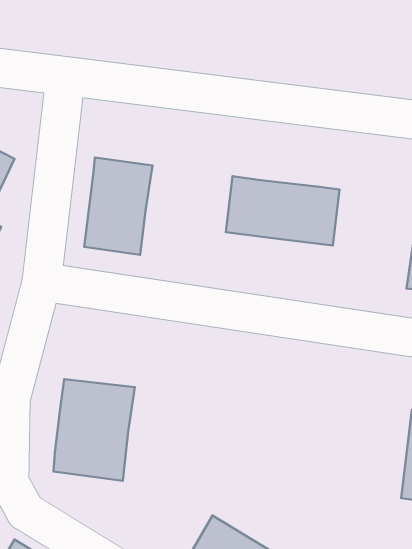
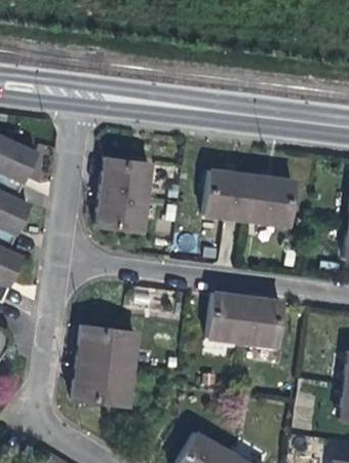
building: none -> [206,293,279,346]

